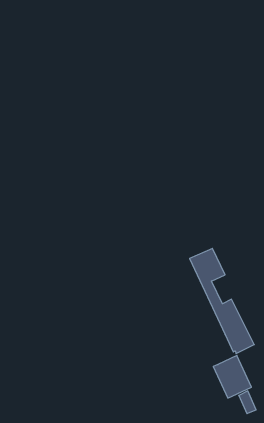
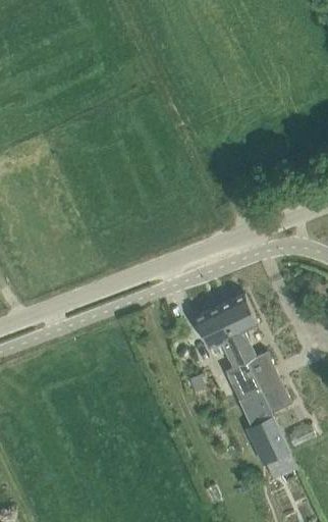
building: none -> [194,307,258,401]

